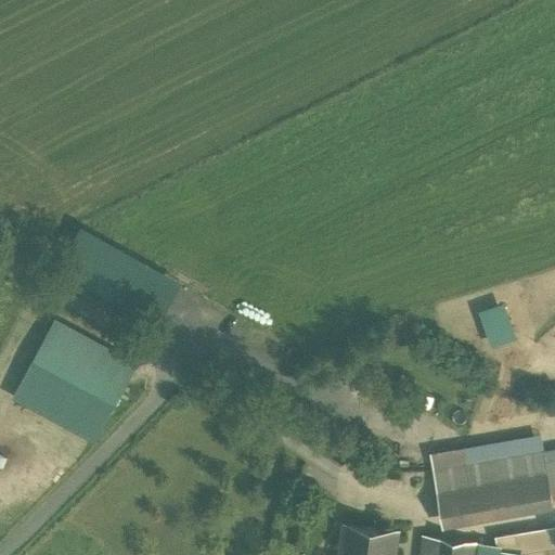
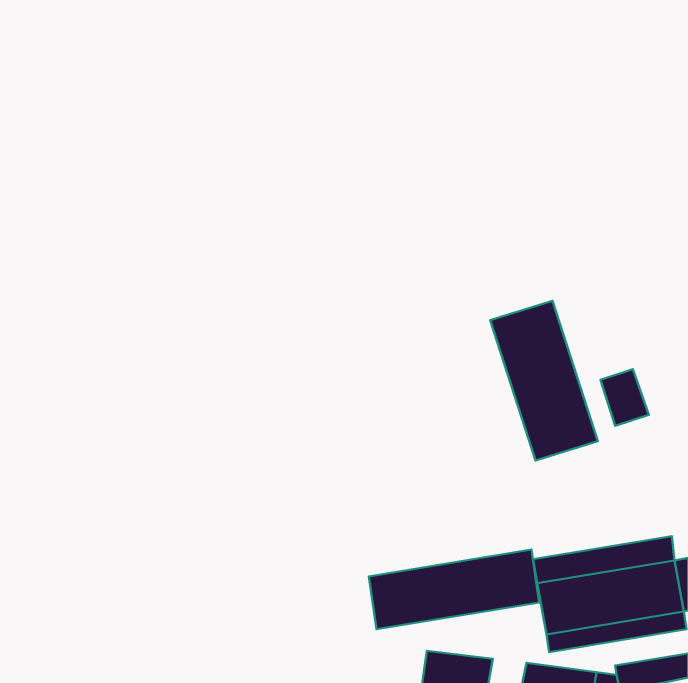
building: none -> [490,301,598,460]
building: [15,323,135,441] -> none
building: none -> [369,550,539,629]

